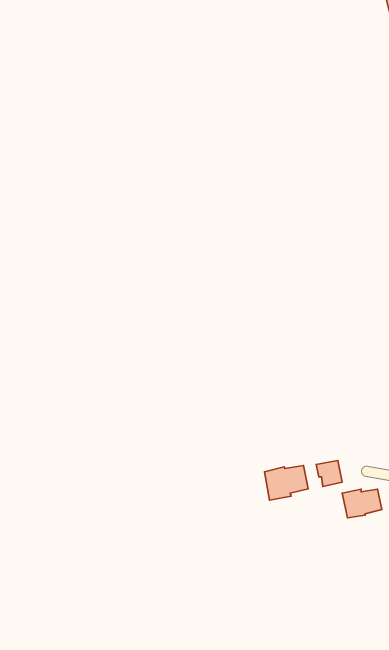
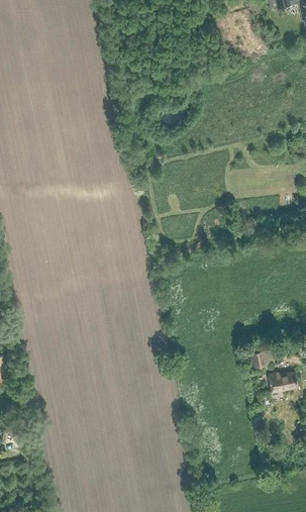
building: [264,466,308,500] -> none

